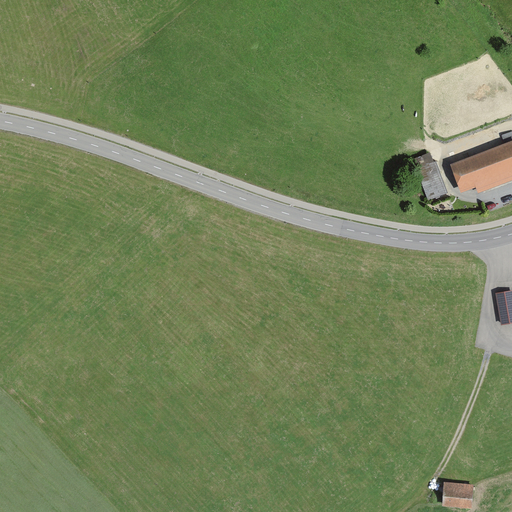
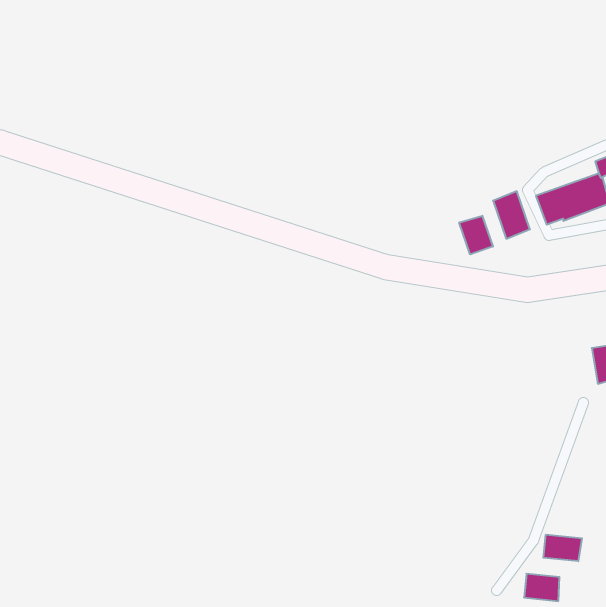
building: none -> [459,216,493,254]
building: none -> [543,535,582,561]

